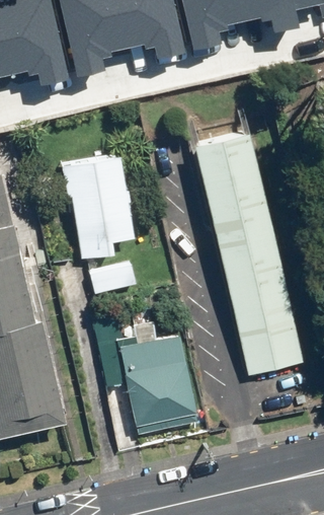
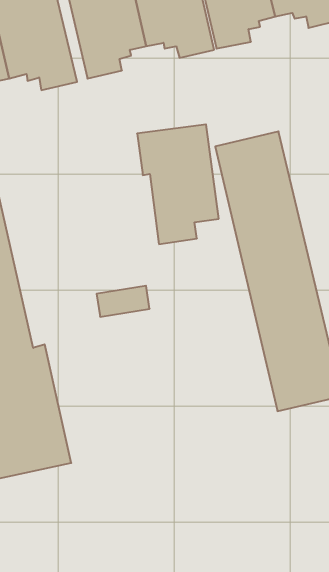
building: [60,150,132,255] -> [137,124,219,244]
building: [90,305,197,429] -> none

